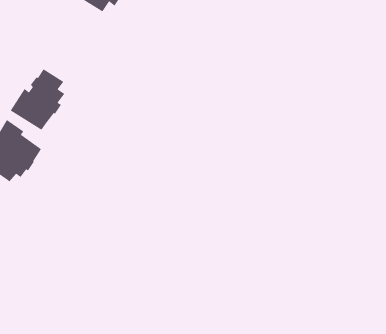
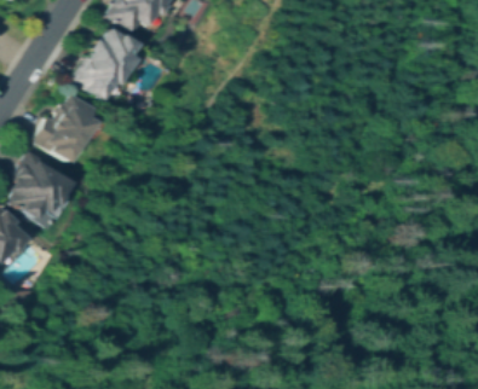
building: none -> [73,28,136,100]

